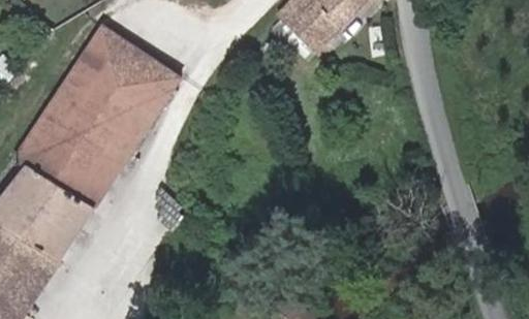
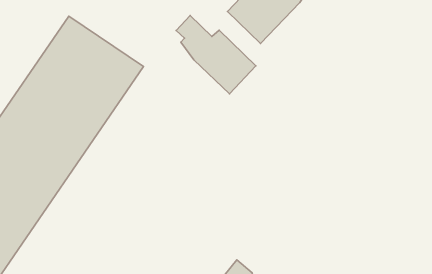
building: none -> [176,15,256,94]

